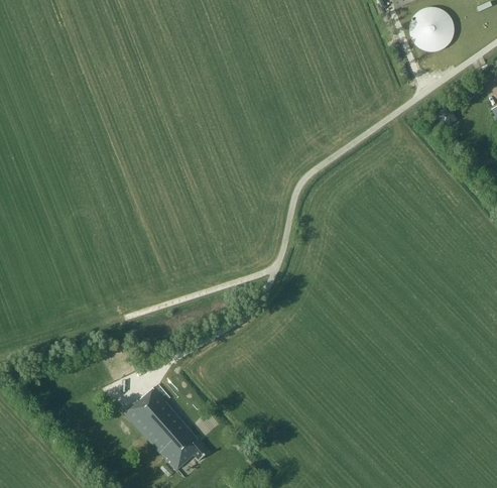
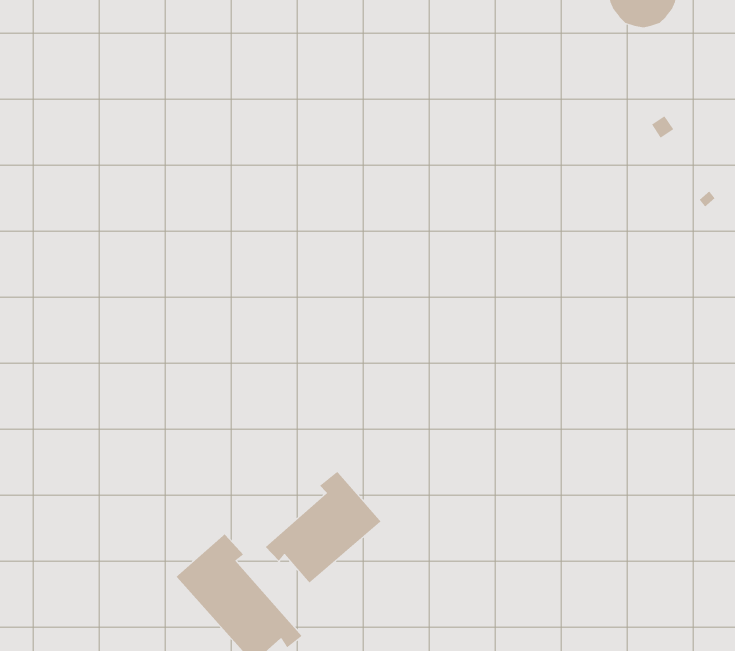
building: none -> [265,470,382,583]

